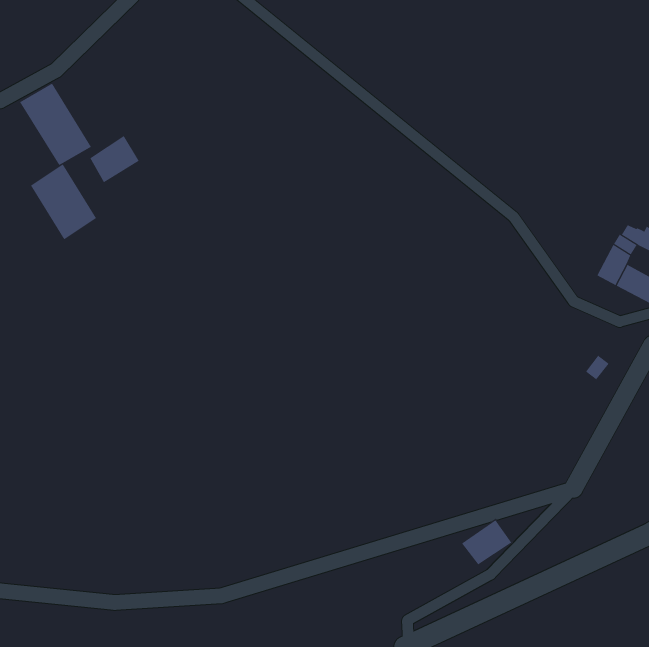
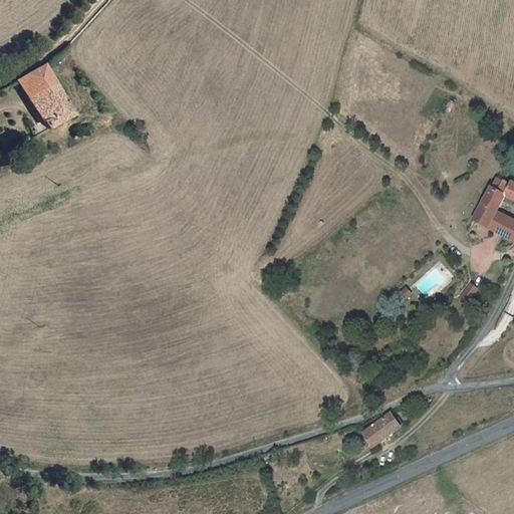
building: [89,135,139,183] -> none
building: [30,164,97,240] -> none

